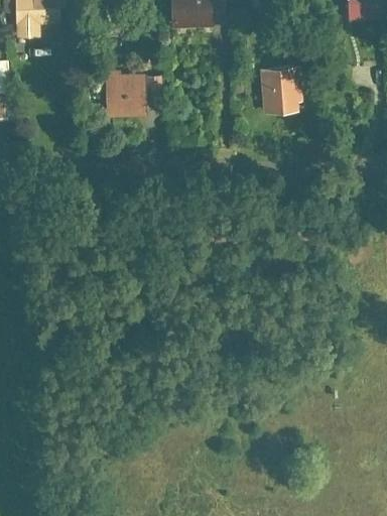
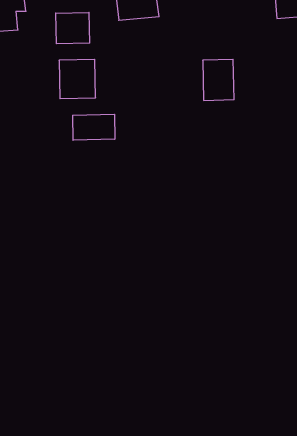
building: none -> [56,12,90,44]
building: none -> [73,114,115,140]

